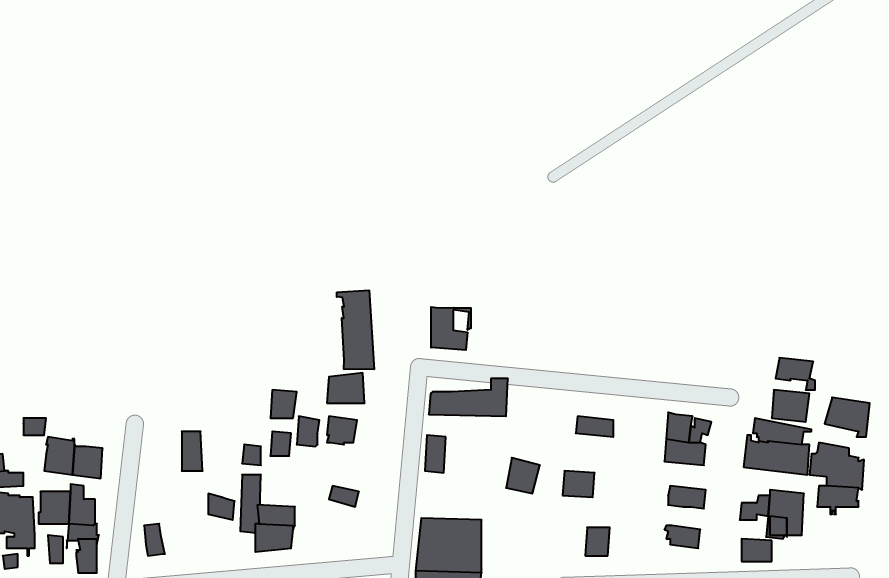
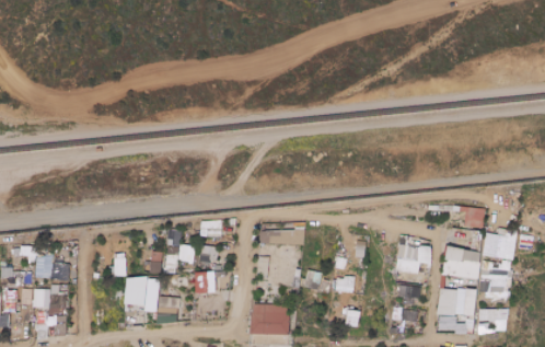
building: [337,290,374,369] -> none
building: [431,307,471,350] -> none
building: none -> [477,310,508,332]

